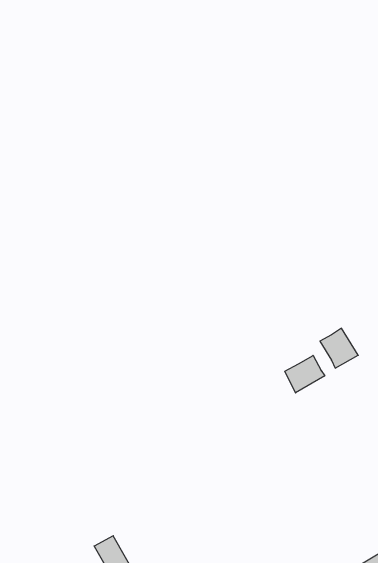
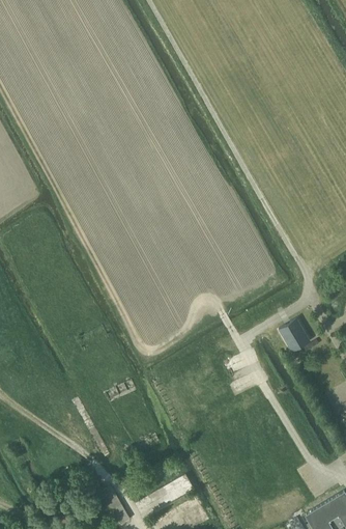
building: [285,355,325,393] -> none

